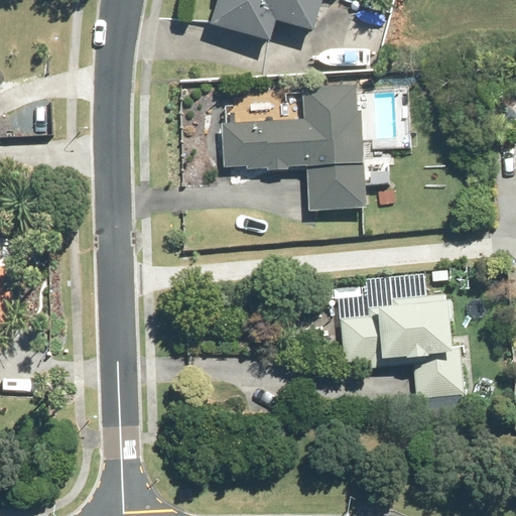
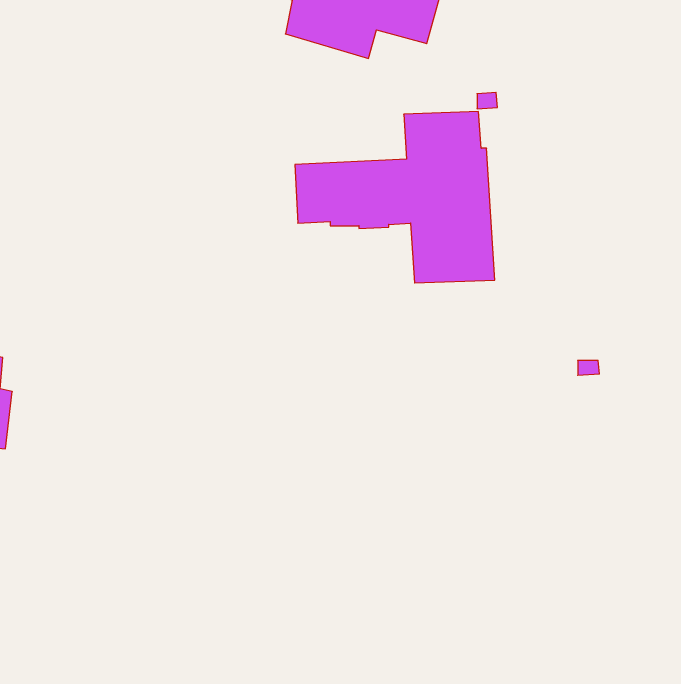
building: [338,294,463,396] -> none

